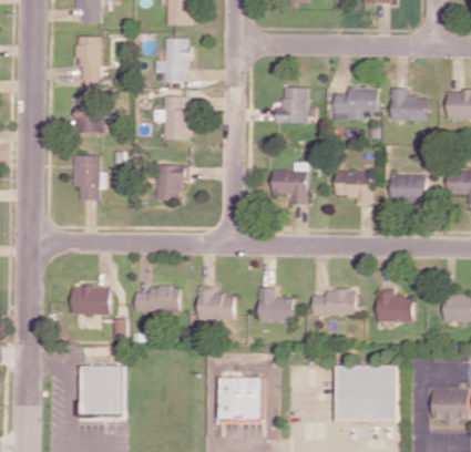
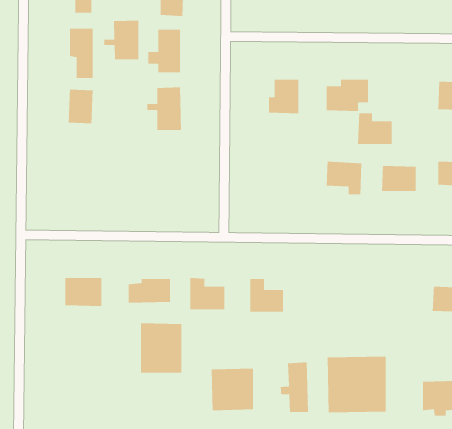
building: none -> [103,20,139,60]
building: [390,89,426,121] -> [357,113,393,145]
building: [73,155,100,201] -> none
building: [156,165,190,201] -> none
building: [272,171,307,204] -> none
building: [375,289,410,321] -> none
building: [310,290,355,315] -> none
building: [82,364,124,415] -> [140,323,182,373]
building: none -> [280,362,309,413]

